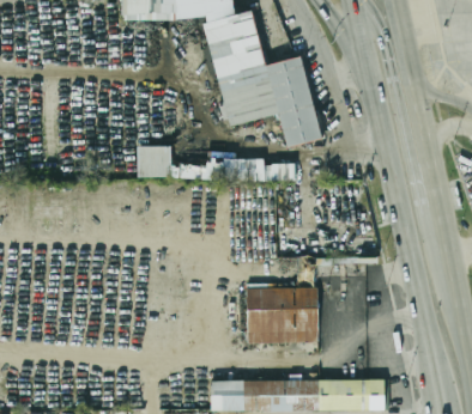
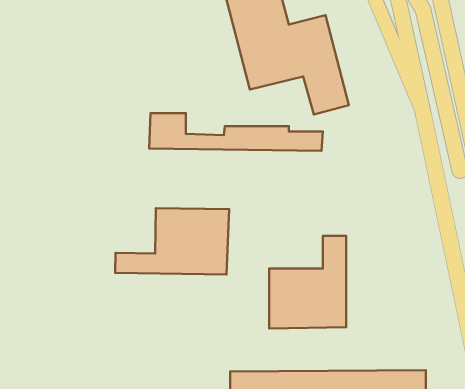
building: none -> [115,208,229,274]

